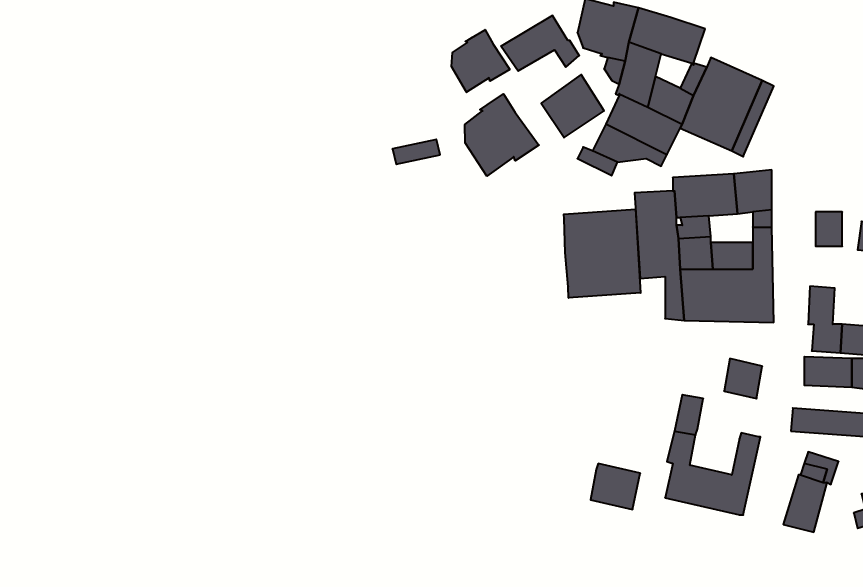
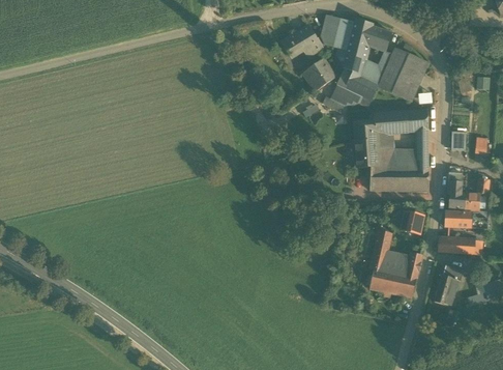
building: [452,30,510,92] -> none
building: [465,94,539,176] -> none
building: [564,209,641,298] -> none
building: [591,464,640,509] -> [384,251,411,276]

